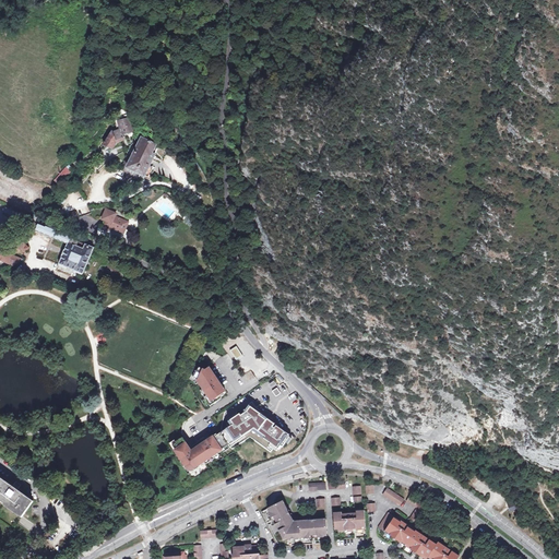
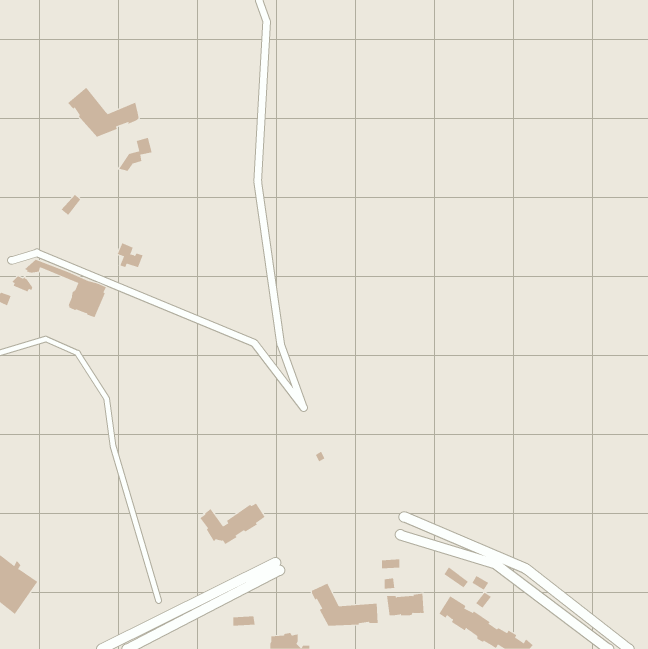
building: none -> [67,87,139,138]
building: [120,138,154,177] -> none
building: [192,367,225,402] -> none
building: [221,403,287,451] -> none

